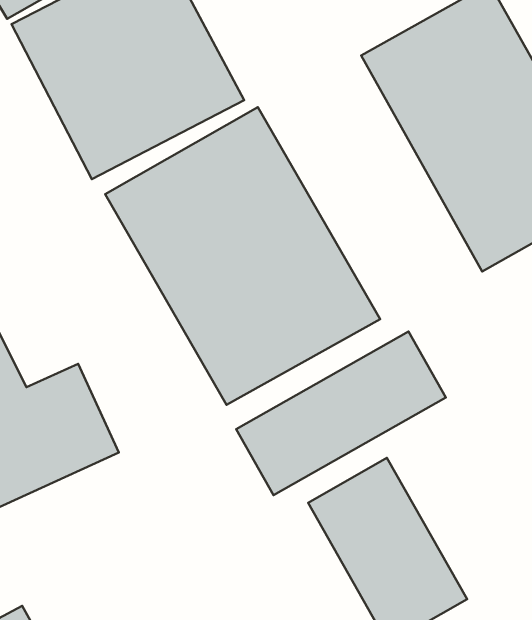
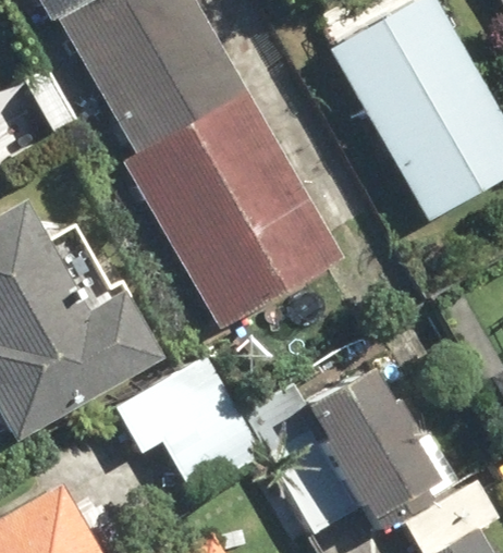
building: [236,331,446,495] -> none
building: none -> [123,359,256,495]

